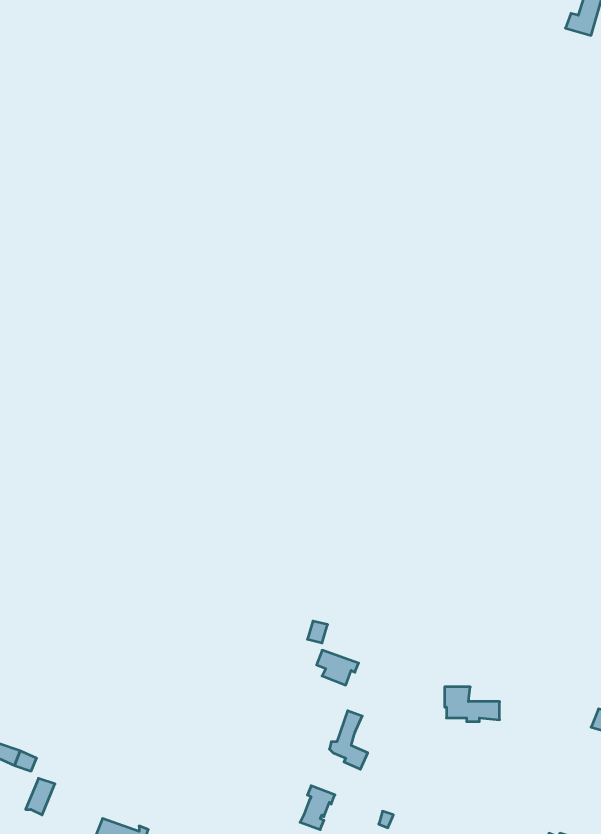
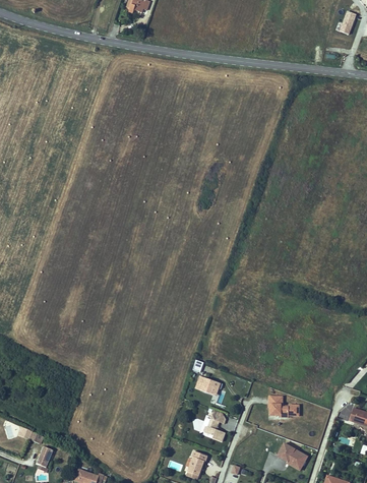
building: none -> [278,443,308,471]

